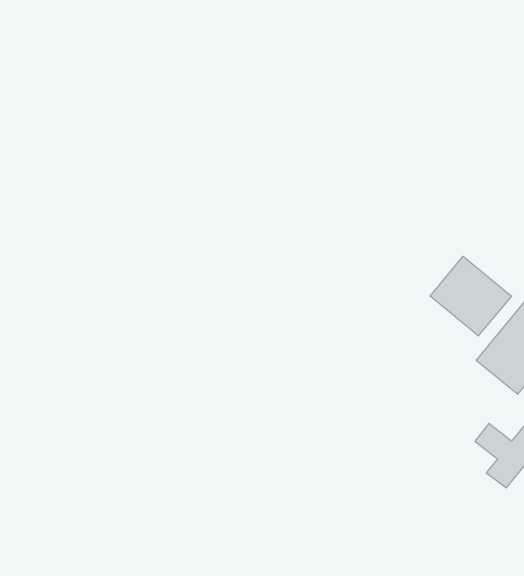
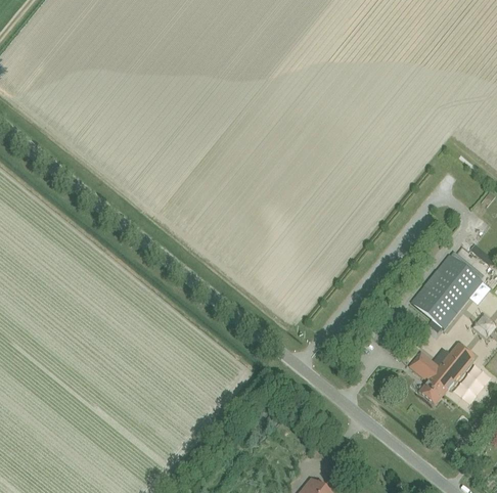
building: [430,256,512,336] -> none

